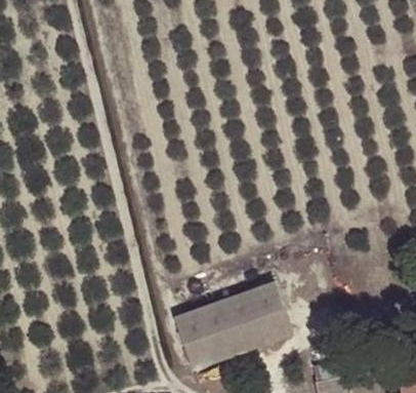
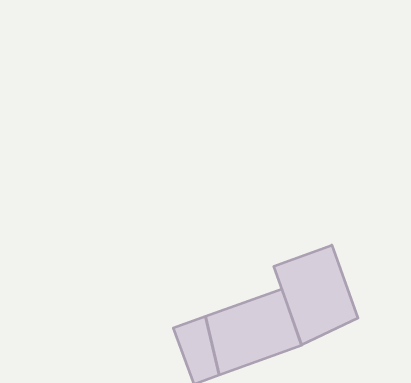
building: none -> [274,245,358,345]

